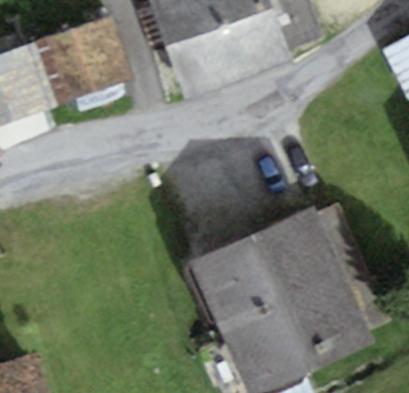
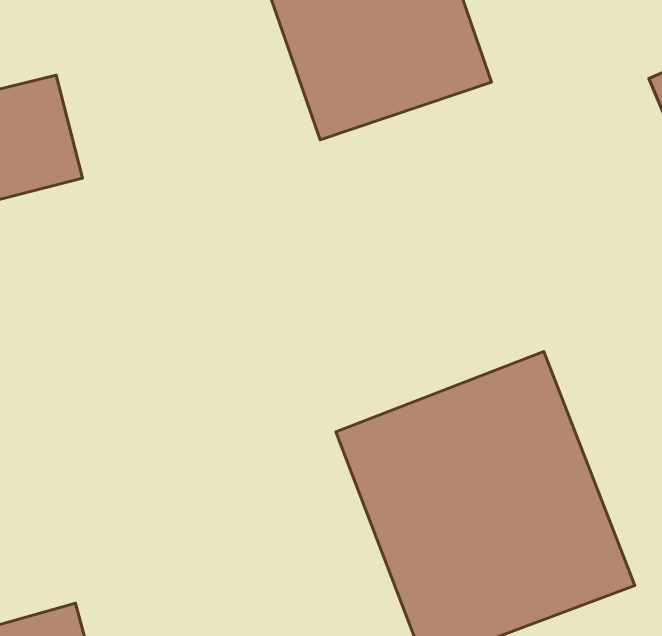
building: [44,22,125,101] -> none

